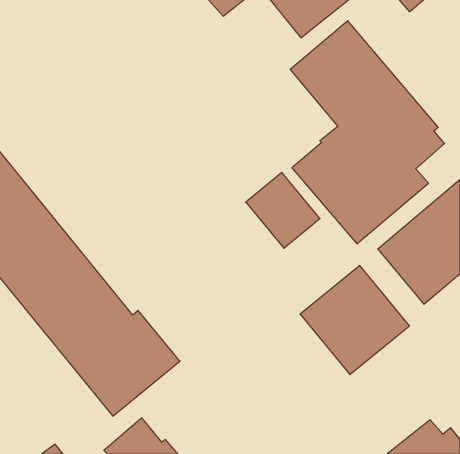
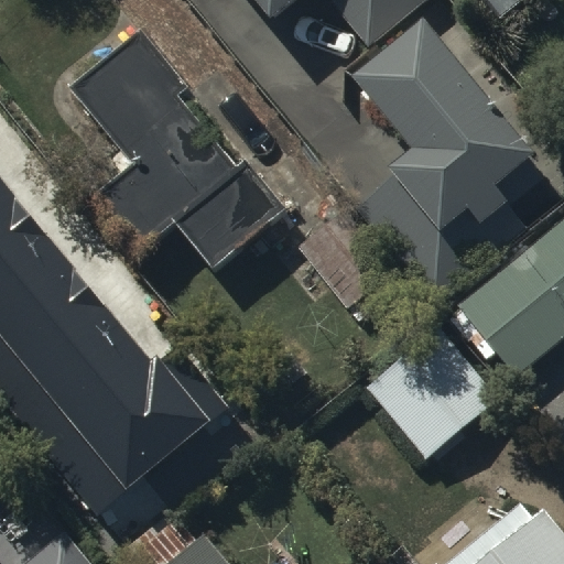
building: none -> [70,30,286,268]

